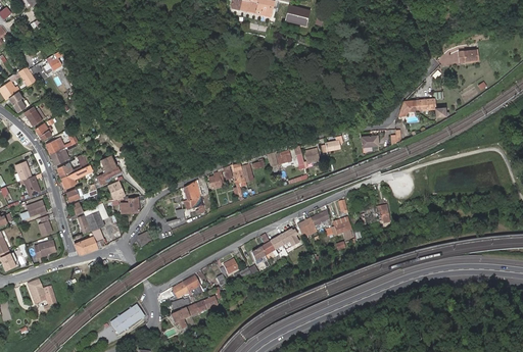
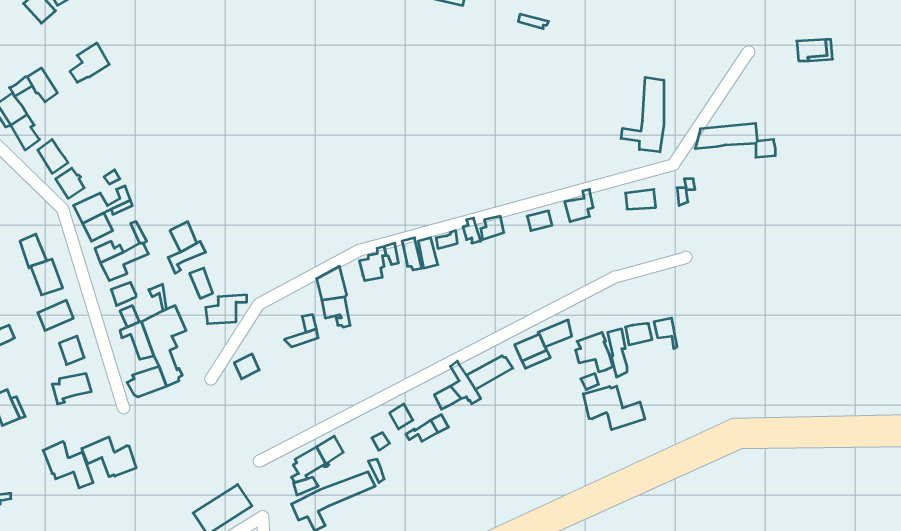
building: none -> [621,77,664,152]
building: none -> [583,386,645,430]
building: none -> [82,437,136,477]

